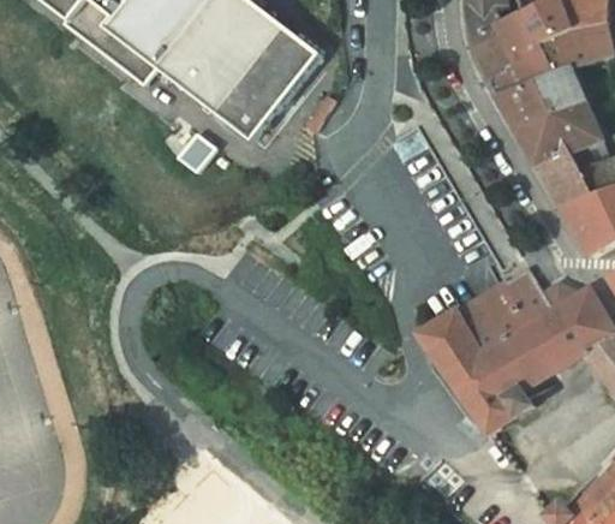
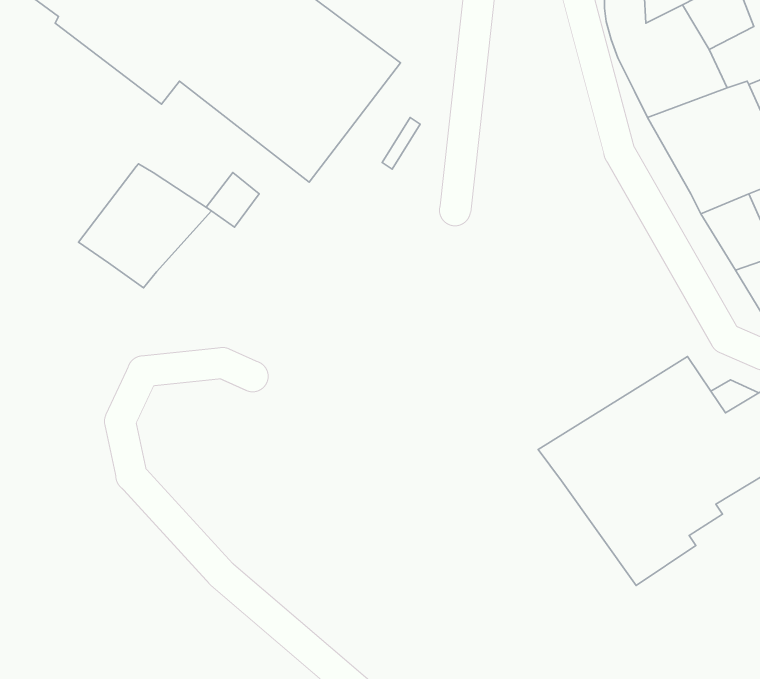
building: none -> [78,164,212,288]

